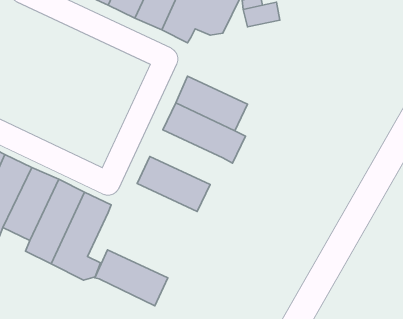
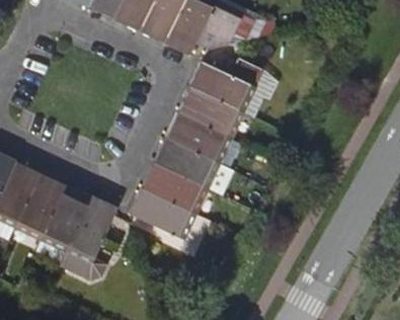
building: none -> [188,58,260,113]
building: none -> [153,138,222,189]
building: [95,250,168,306] -> [129,188,197,241]

